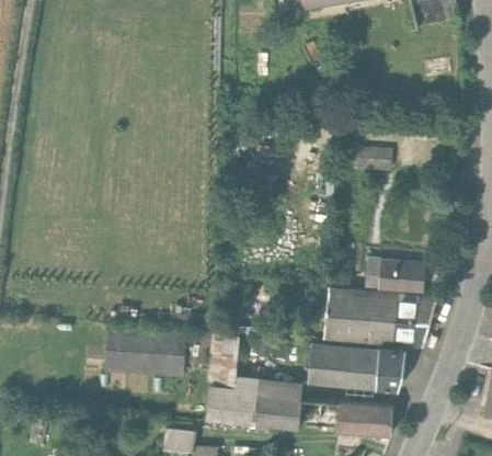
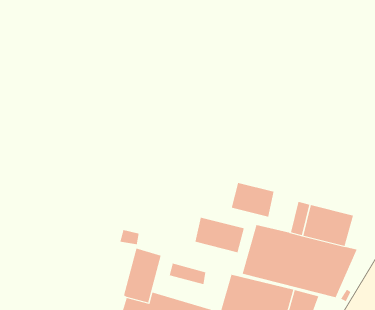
building: [353,148,392,172] -> none
building: none -> [231,182,274,218]
building: none -> [195,217,245,253]
building: [104,328,186,379] -> none

